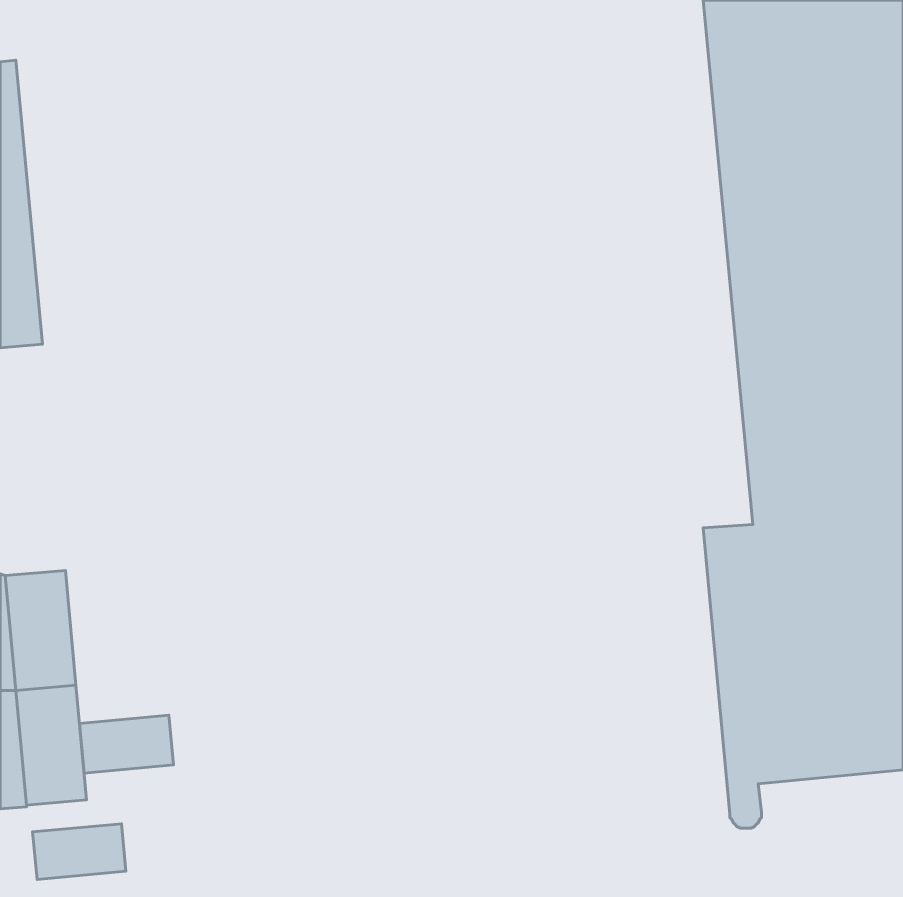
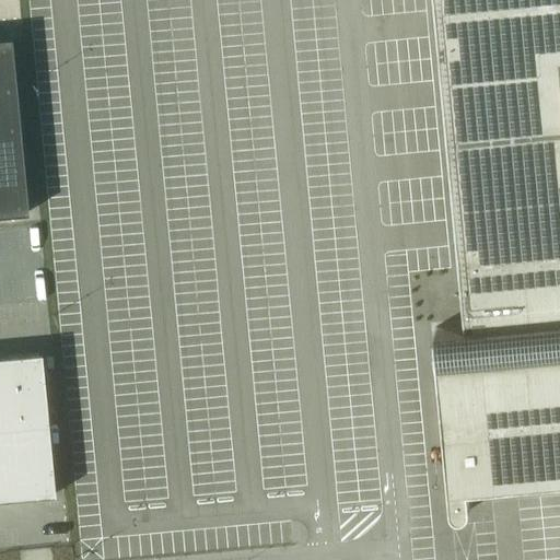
building: [80,715,173,773] -> none
building: [33,824,126,880] -> none

